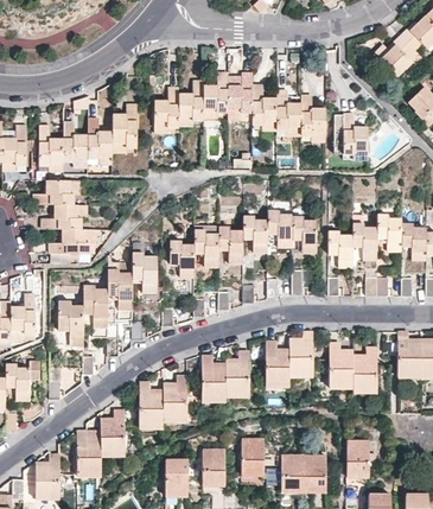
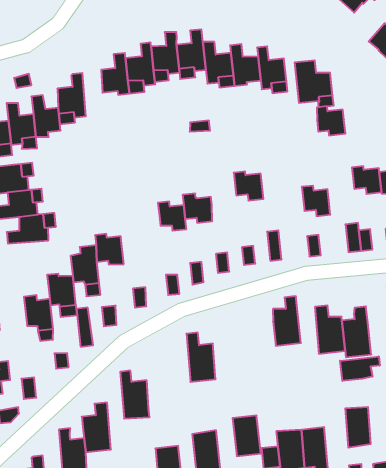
building: [244,215,268,242] -> none
building: [293,217,317,243] -> none
building: [354,223,378,250] -> [317,106,345,135]
building: [170,241,195,268] -> none
building: [266,342,289,387] -> none
building: [230,350,255,396] -> none
building: [165,375,190,420] -> none
building: none -> [340,356,380,381]

